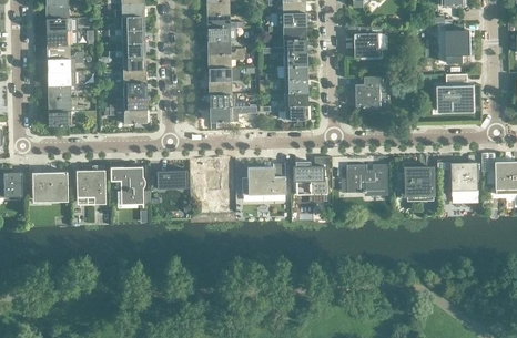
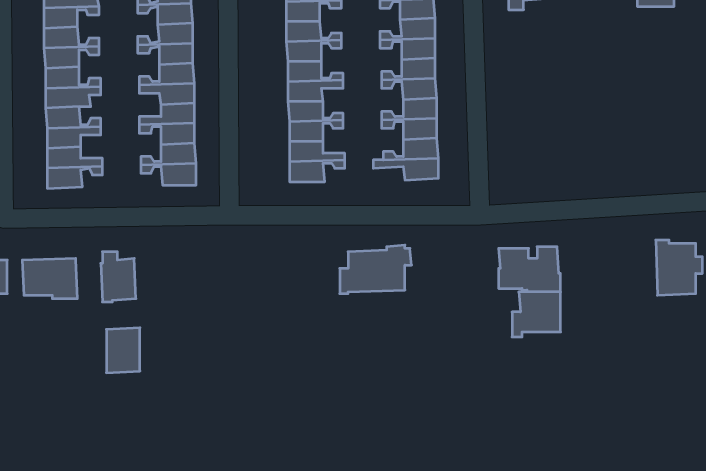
building: [440,25,472,57] -> none
building: [355,28,384,59] -> none
building: [437,75,475,114] -> none
building: [356,76,391,110] -> none
building: [195,162,234,196] -> none
building: [293,163,326,195] -> none
building: [402,168,434,198] -> [512,292,561,337]
building: [123,171,145,201] -> [106,328,140,373]
building: [156,171,187,190] -> none

